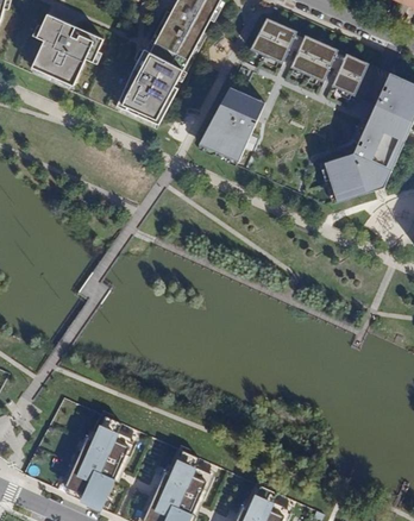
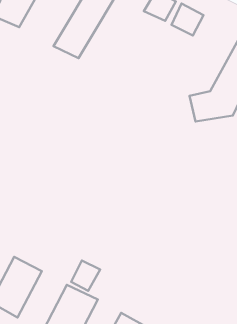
building: [327,57,364,95] -> none
building: [197,87,261,165] -> none
building: none -> [71,260,100,291]

